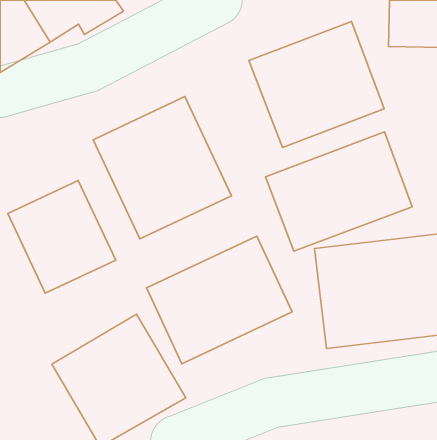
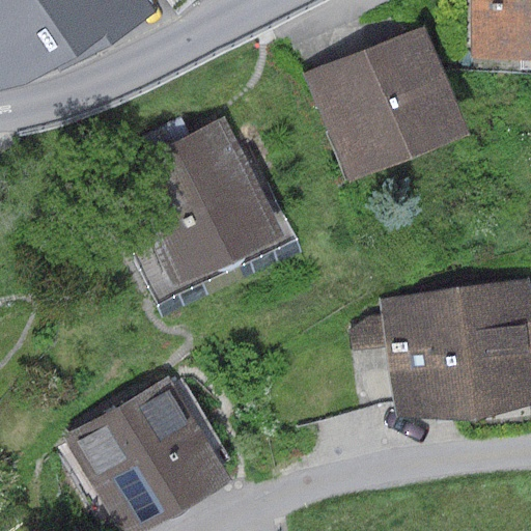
building: [265,132,412,251] -> none
building: [8,181,116,293] -> none
building: [146,236,292,364] -> none

